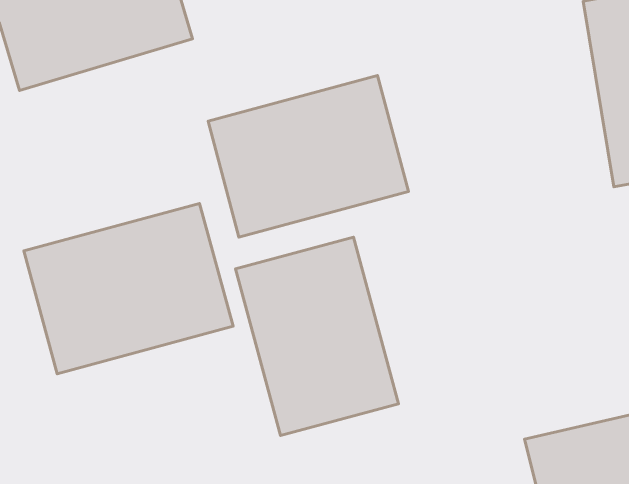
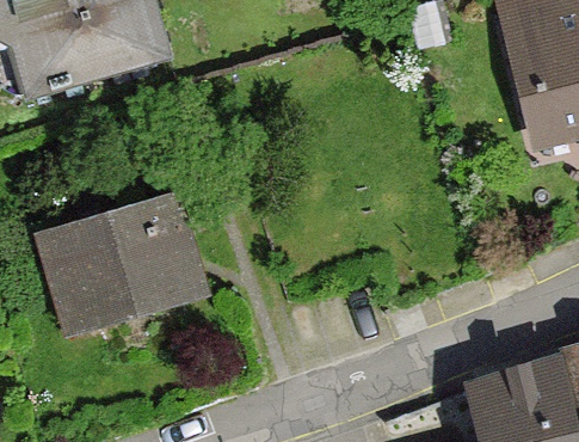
building: [208,75,408,237] -> none
building: [235,237,398,435] -> none

